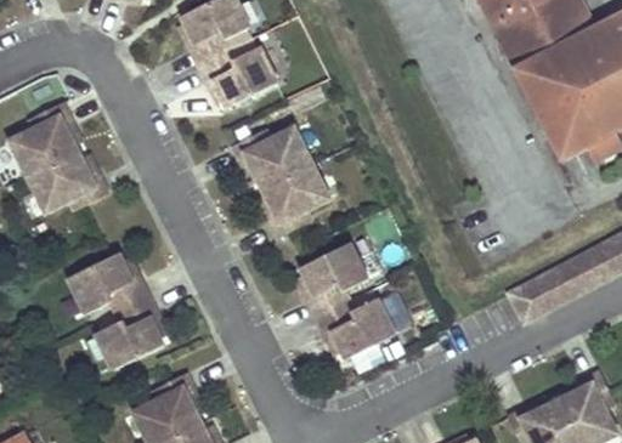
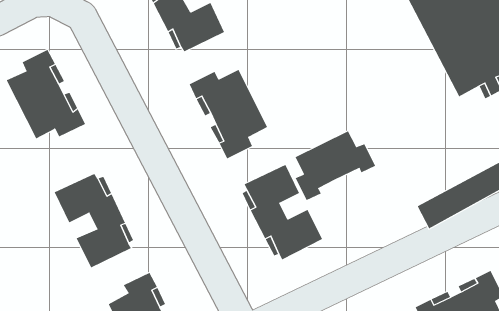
building: none -> [295,130,376,201]

